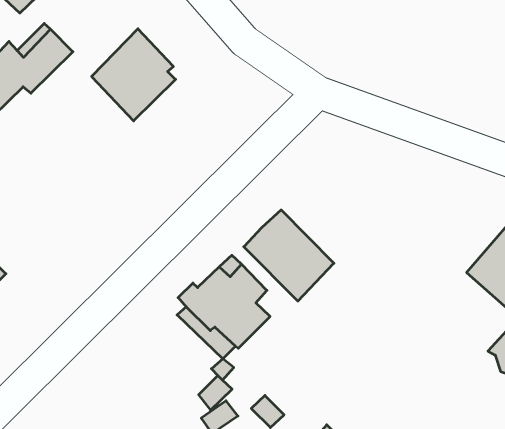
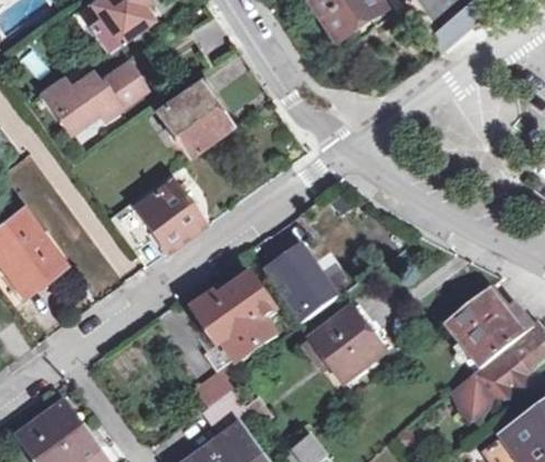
building: none -> [108,177,200,245]
building: none -> [312,305,384,382]

